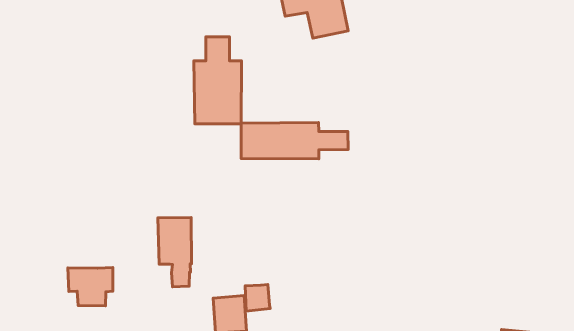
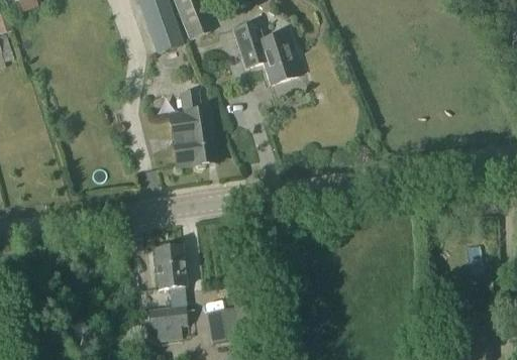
building: [241,123,348,159] -> none
building: [68,267,113,306] -> [146,304,187,339]

